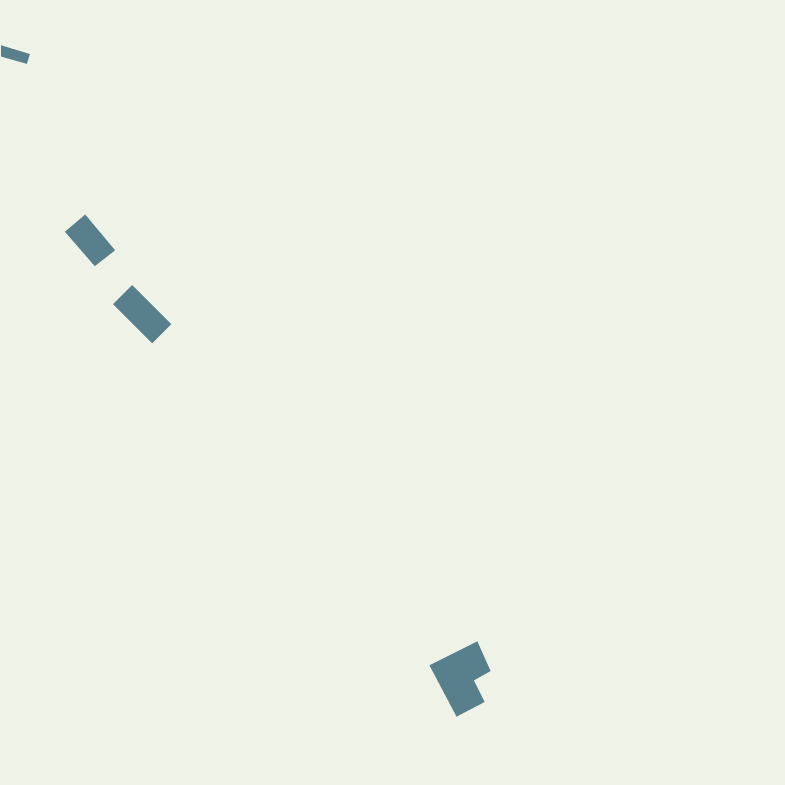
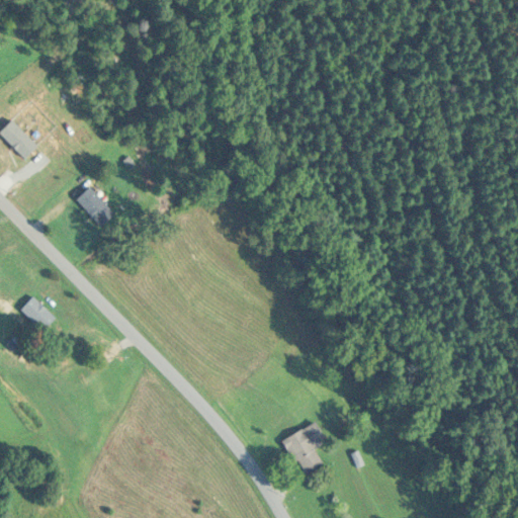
building: [64,213,116,267] -> [4,120,38,156]
building: none -> [19,296,55,332]

